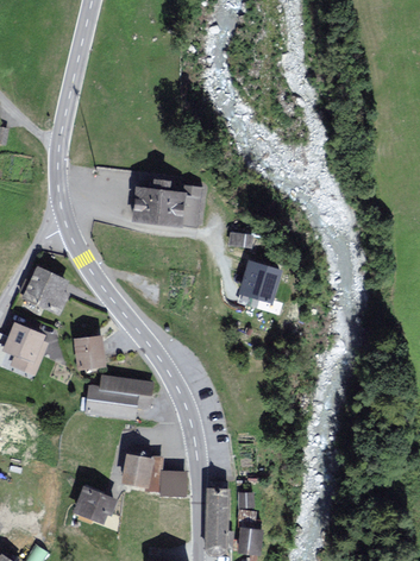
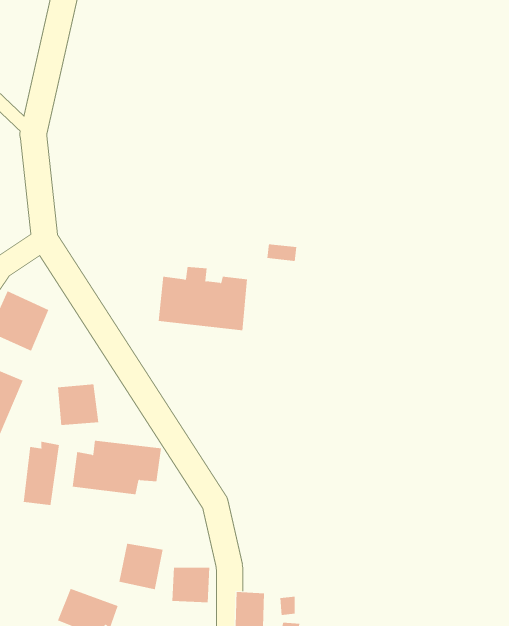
building: [133,179,200,227] -> [158,266,248,331]
building: [239,260,281,302] -> none
building: none -> [23,441,60,506]

